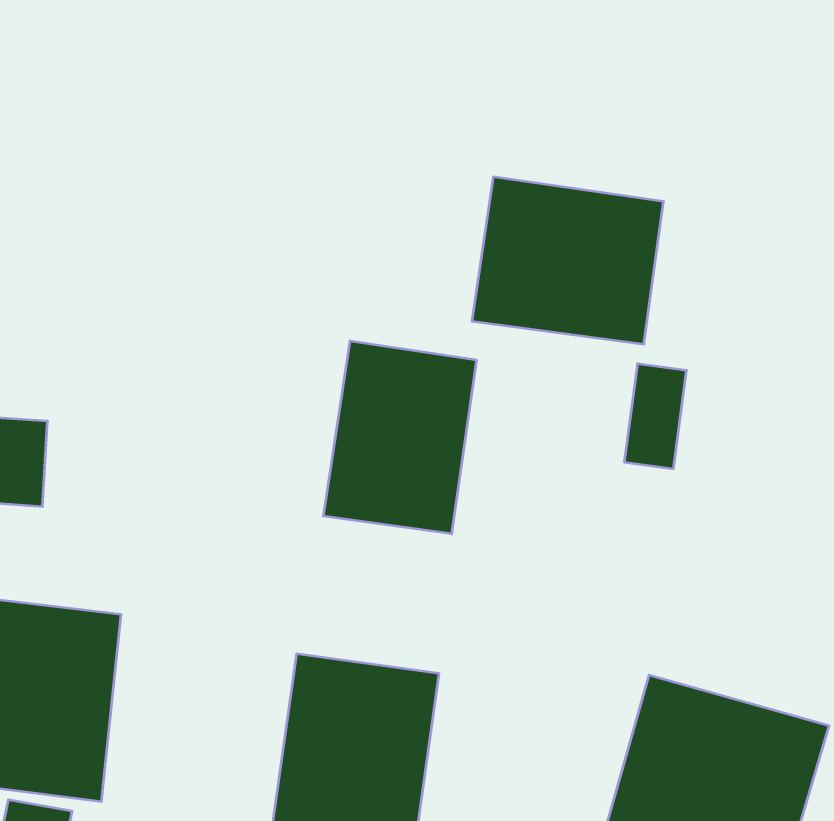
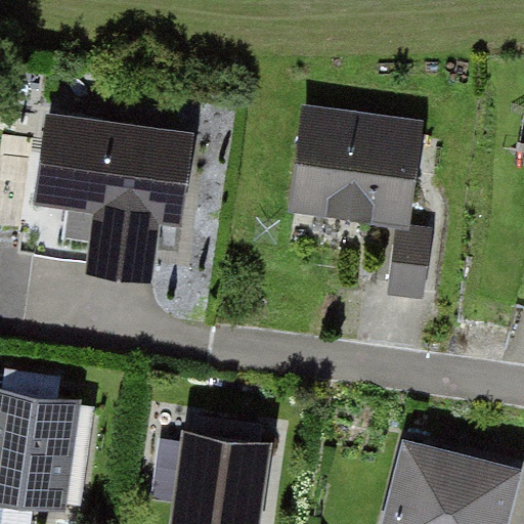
building: none -> [36,124,190,279]
building: [323,341,476,534] -> none

